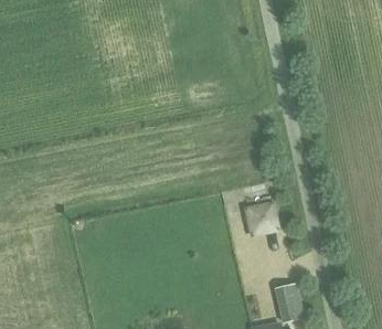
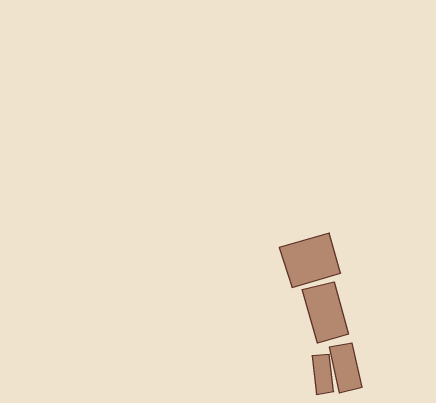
building: none -> [302,282,349,343]

